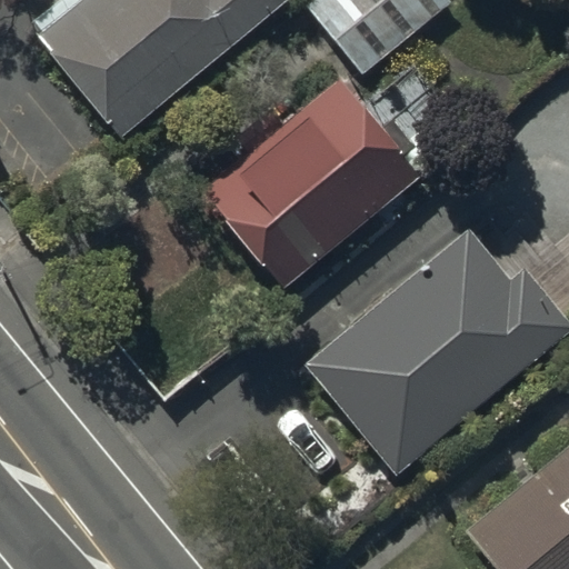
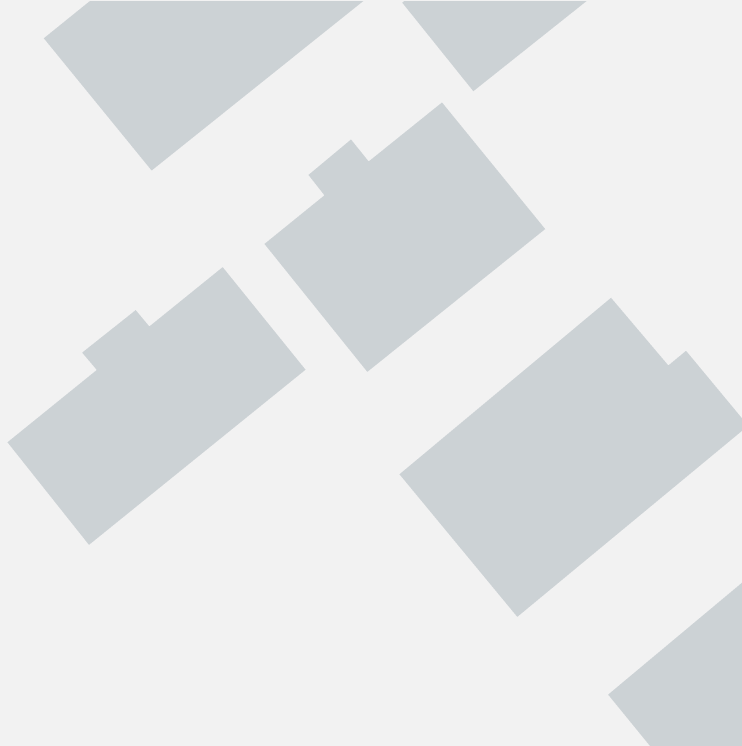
building: none -> [6,266,307,546]

